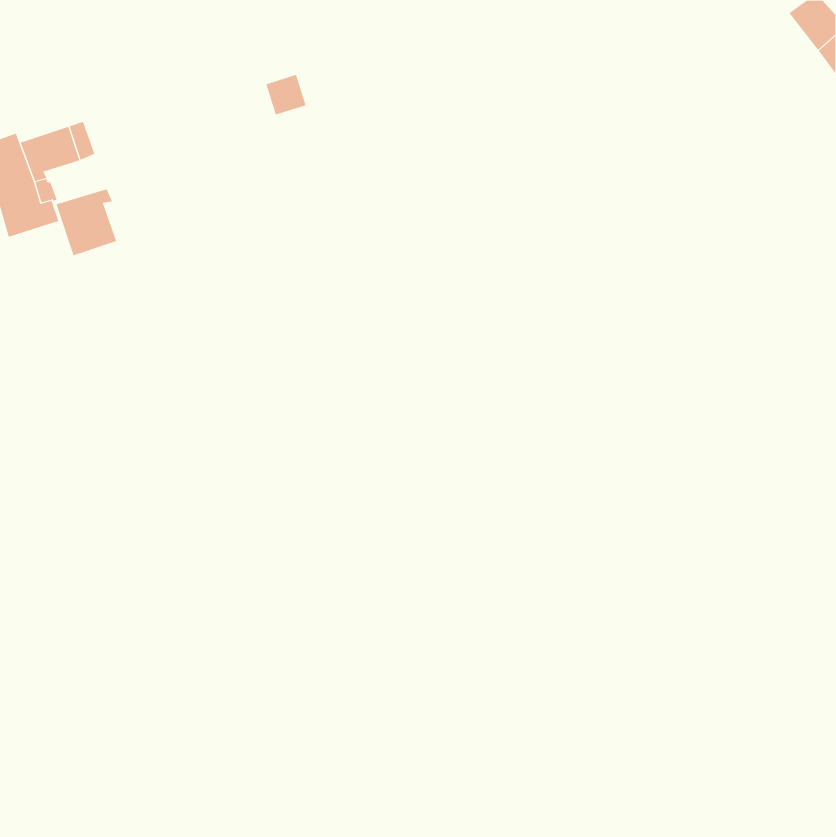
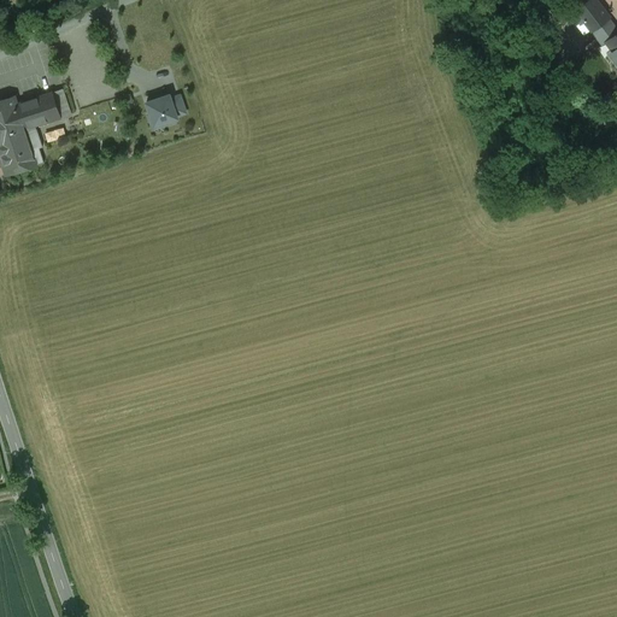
building: [265,74,306,115] -> [146,95,176,125]
building: [56,189,117,256] -> none

